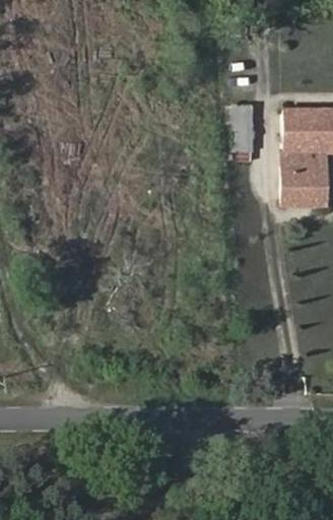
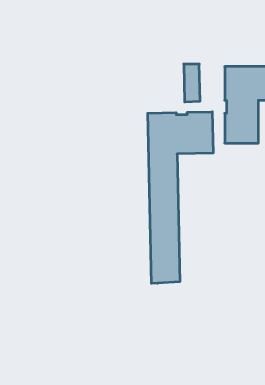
building: none -> [148,112,213,283]

